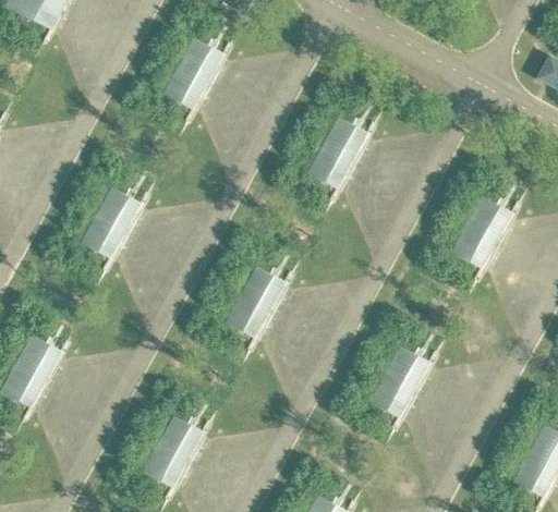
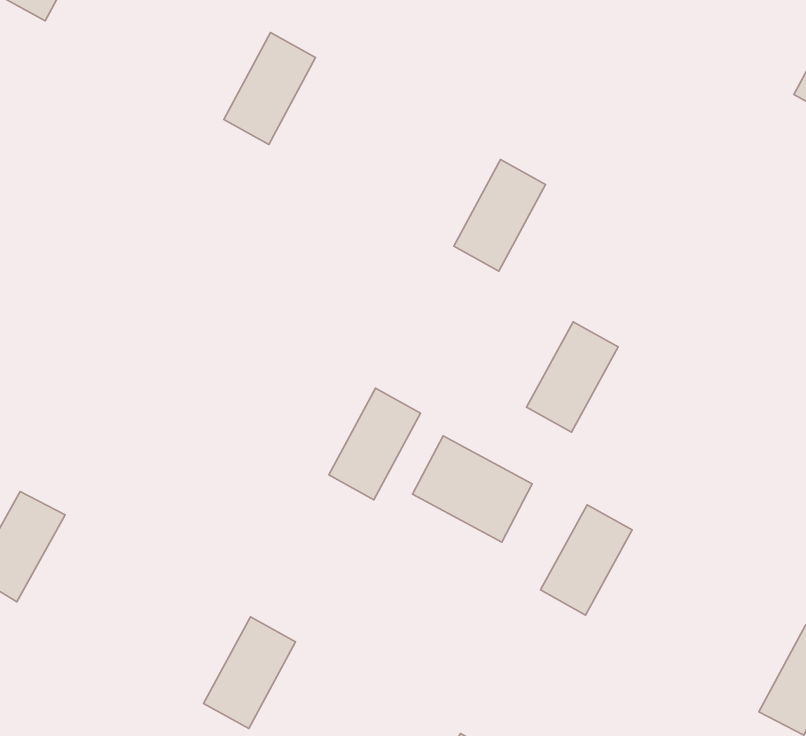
building: [78,185,138,258] -> none
building: [449,195,509,267] -> [527,322,618,432]
building: none -> [413,436,532,542]

